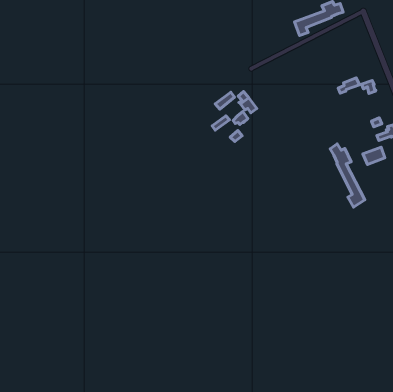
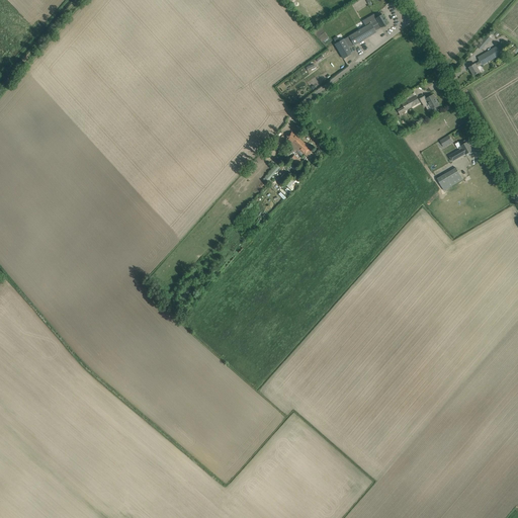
building: [330,144,365,207] -> none

